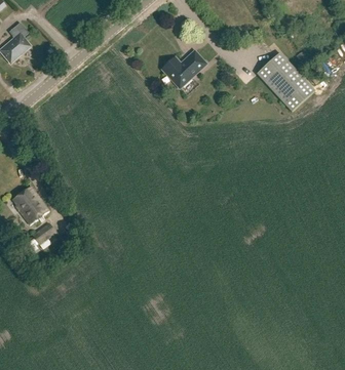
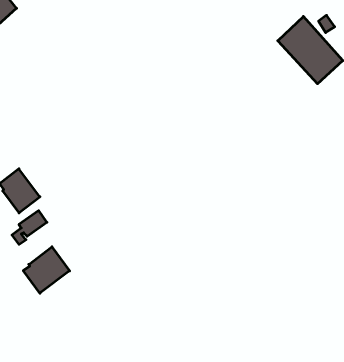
building: [164,50,207,87] -> none
building: none -> [23,247,70,293]

